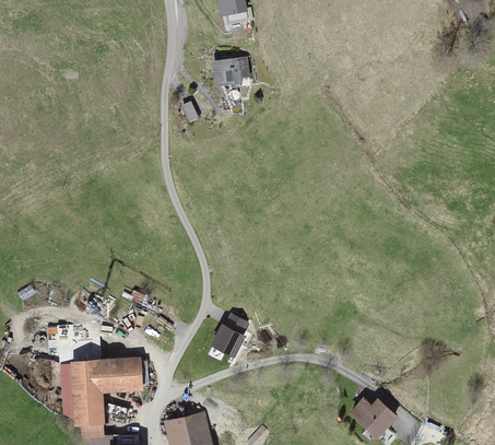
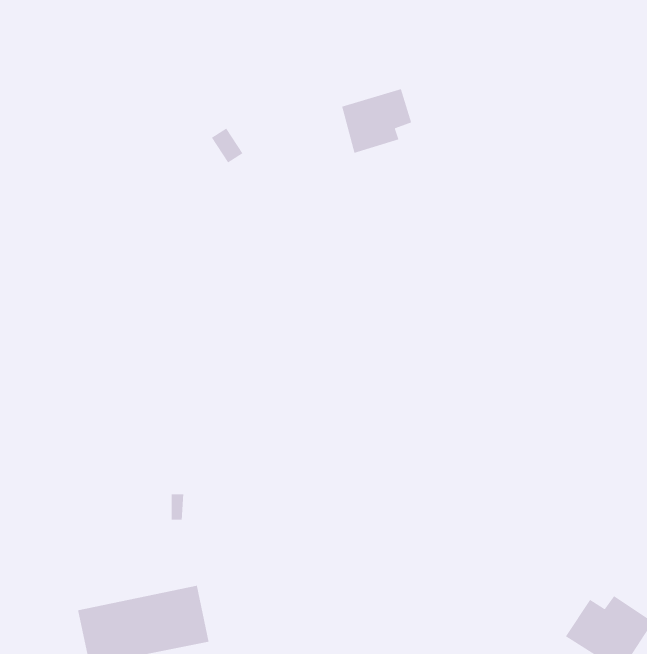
building: [212,54,251,87] -> [341,88,412,154]
building: [212,312,252,355] -> none

